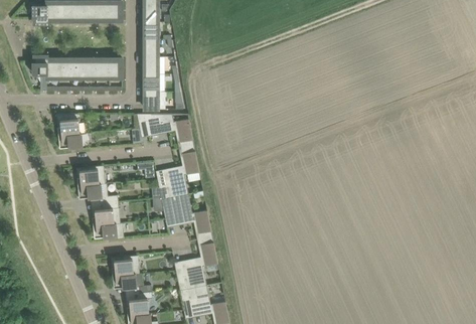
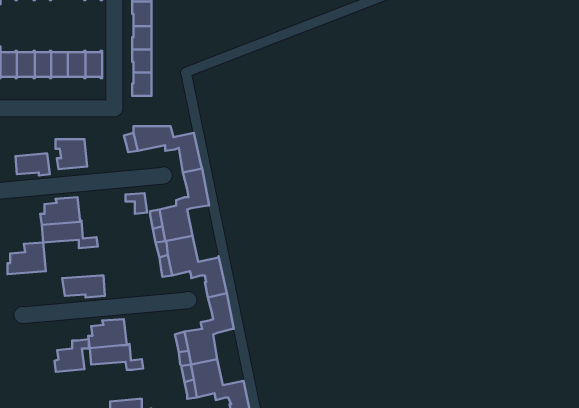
building: [143,91,164,109] -> none
building: [55,113,78,135] -> [56,139,87,169]
building: [92,201,120,224] -> [7,243,46,274]
building: [126,291,151,315] -> [54,339,89,372]

